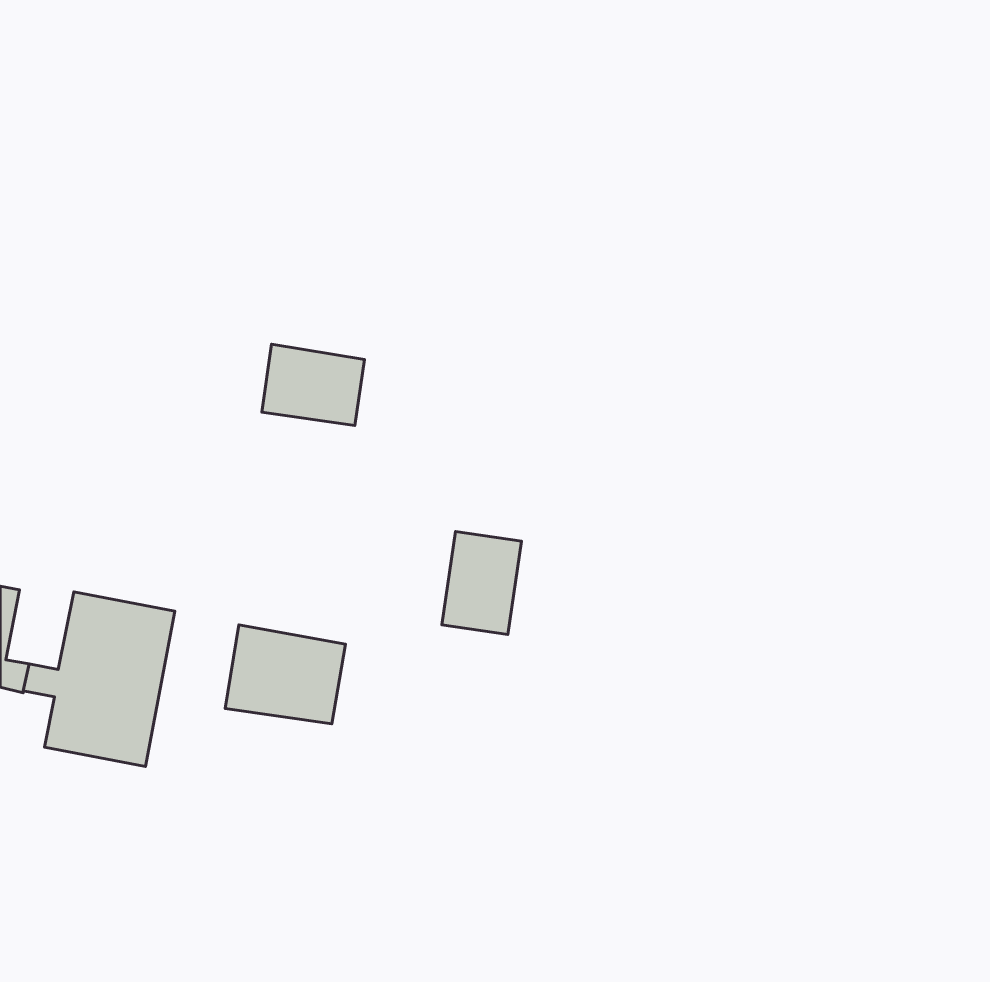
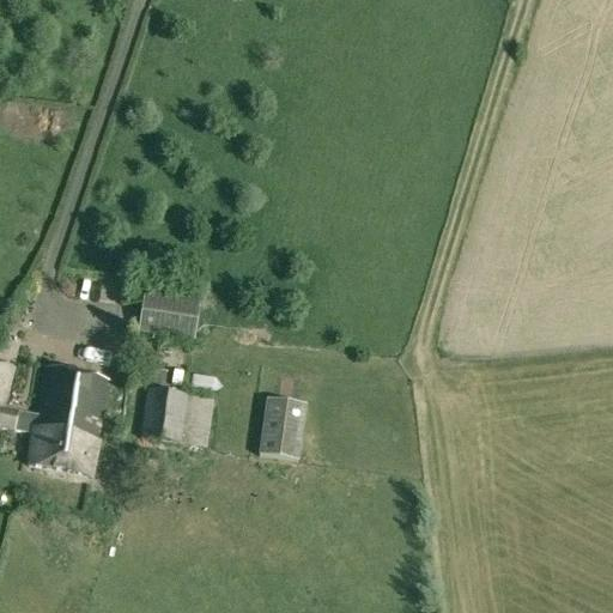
building: [262,344,365,426] -> [138,289,201,339]
building: [442,532,522,634] -> [259,396,308,460]

